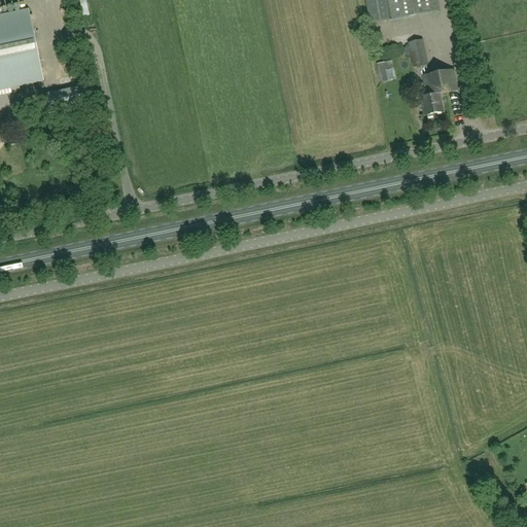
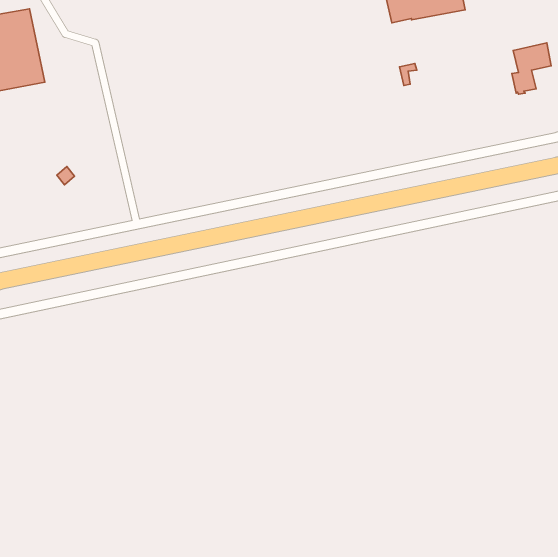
building: [407,38,427,65] -> none
building: [420,67,457,115] -> [512,43,551,94]

